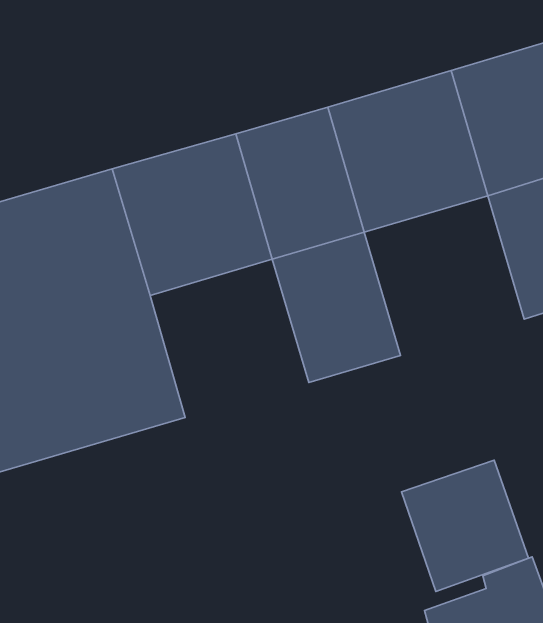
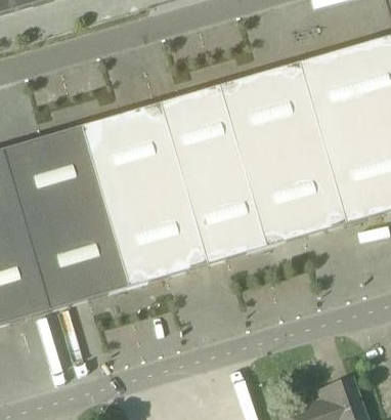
building: none -> [243,142,346,246]
building: none -> [104,183,207,286]
building: [402,460,529,592] -> none

